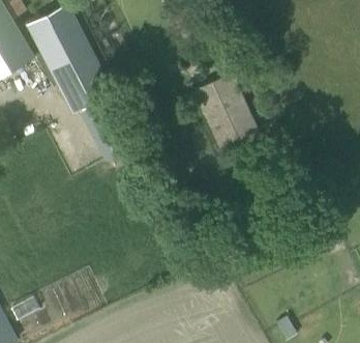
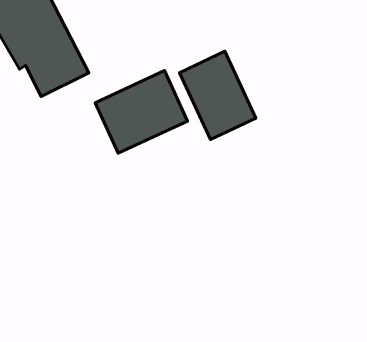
building: none -> [95,71,188,153]

